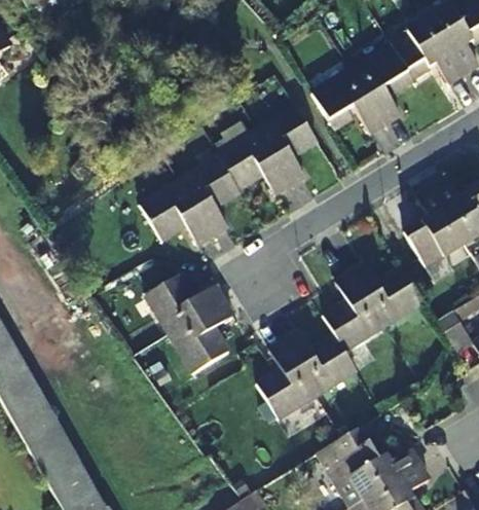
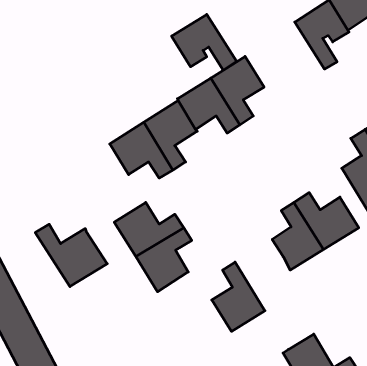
building: [310,70,384,134] -> [172,14,237,70]
building: none -> [35,224,107,287]
building: [283,334,358,399] -> none

